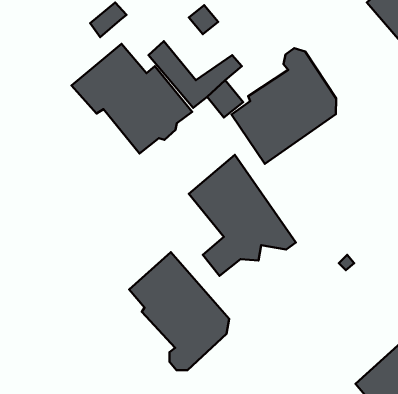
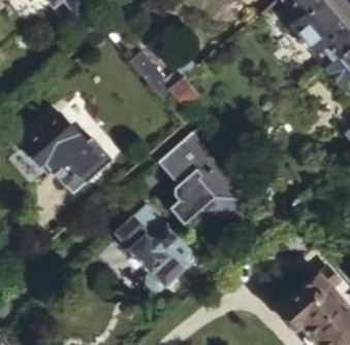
building: [71,44,192,154] -> [23,112,113,194]
building: [231,48,336,164] -> none

